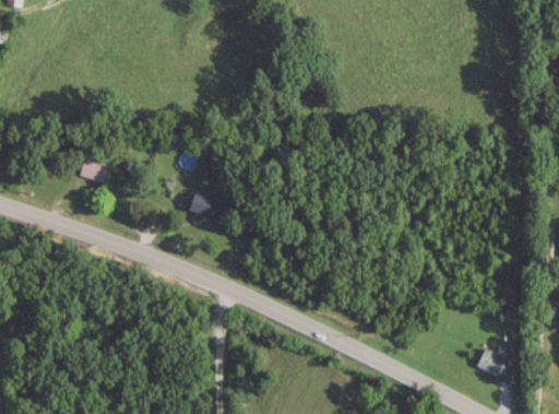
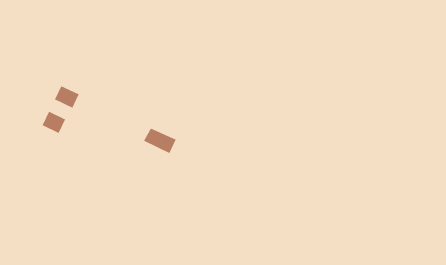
building: none -> [42,111,66,134]

